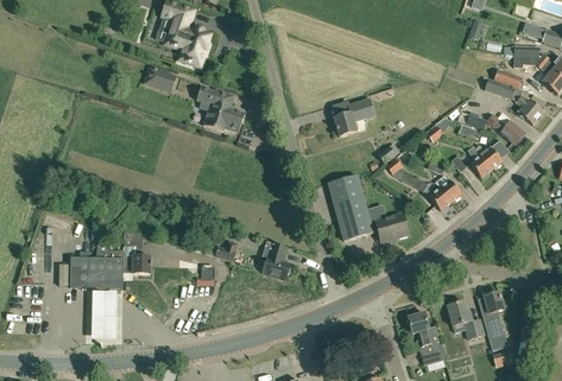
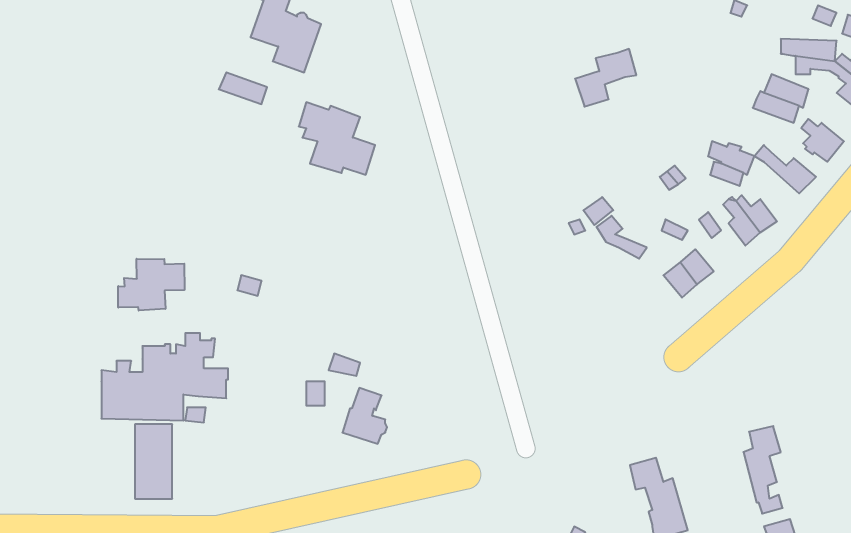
building: [335,99,374,135] -> [575,49,636,107]
building: [328,174,408,241] -> none
building: none -> [118,259,184,311]
building: [263,243,291,279] -> [342,388,387,444]
building: [447,301,484,338] -> none

